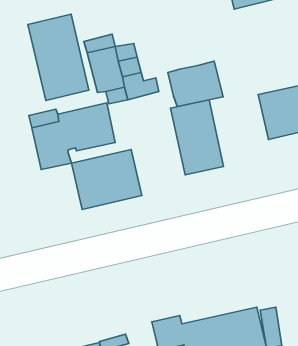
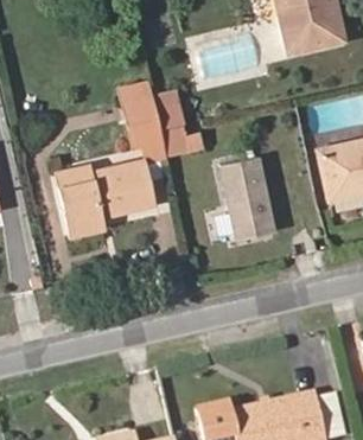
building: [28,14,89,100] -> none
building: [168,61,223,106] -> none
building: [71,149,142,209] -> none

